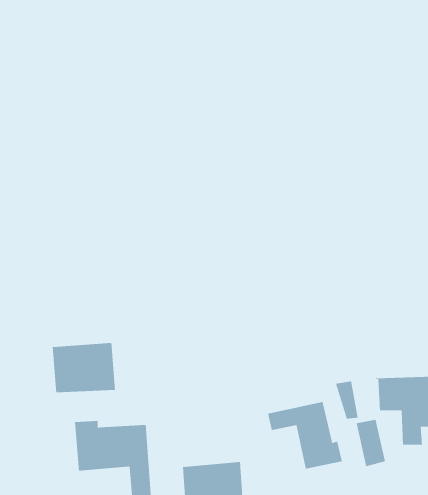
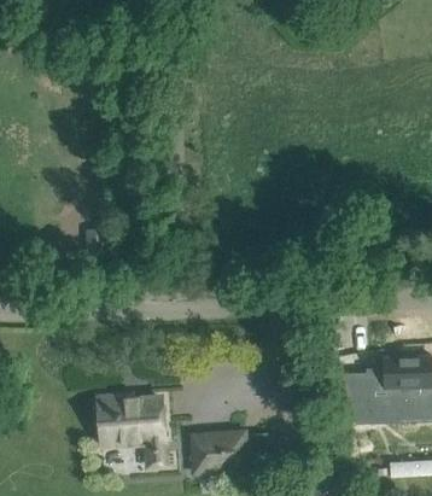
building: [52,342,116,393] -> none
building: [267,401,342,470] -> none

